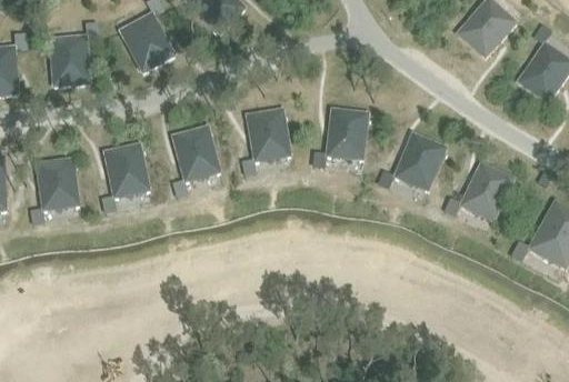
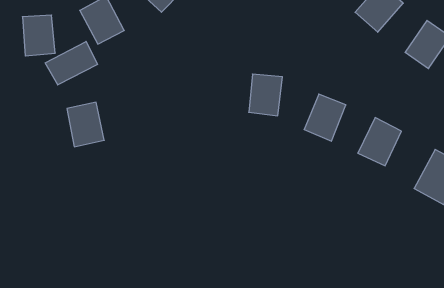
building: none -> [45,41,98,85]
building: [247,108,290,160] -> none
building: [172,125,220,180] -> none
building: [37,158,79,209] -> none

